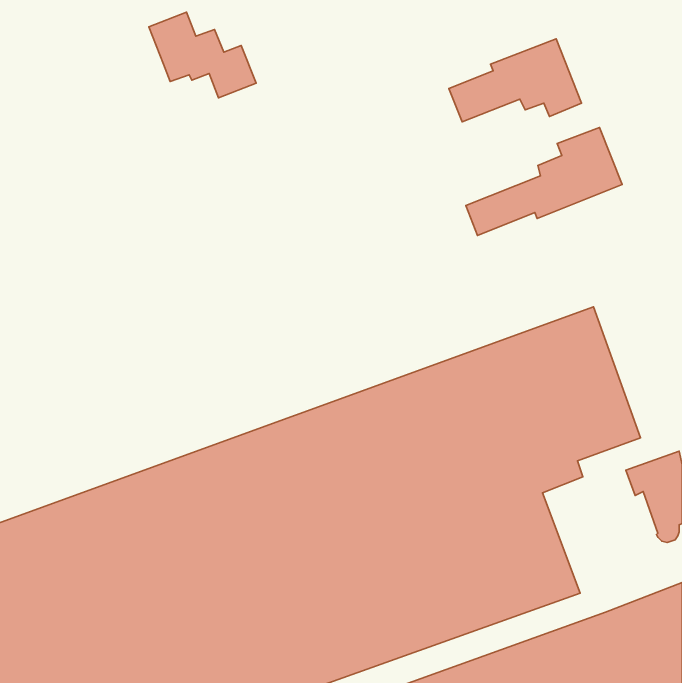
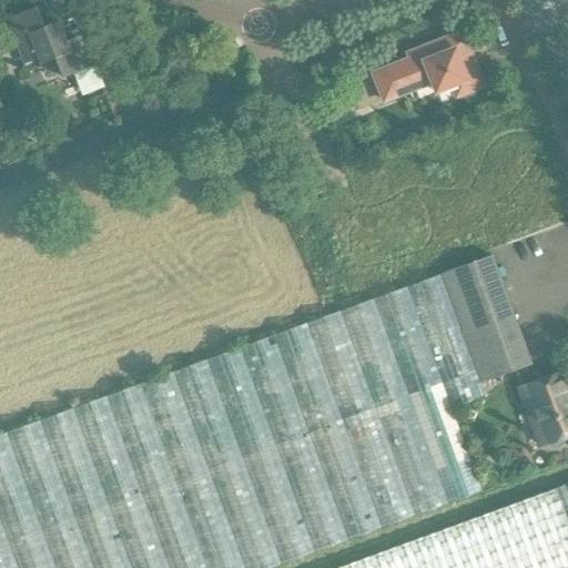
building: [149,12,256,98] -> [4,7,93,78]
building: [466,127,622,235] -> none

